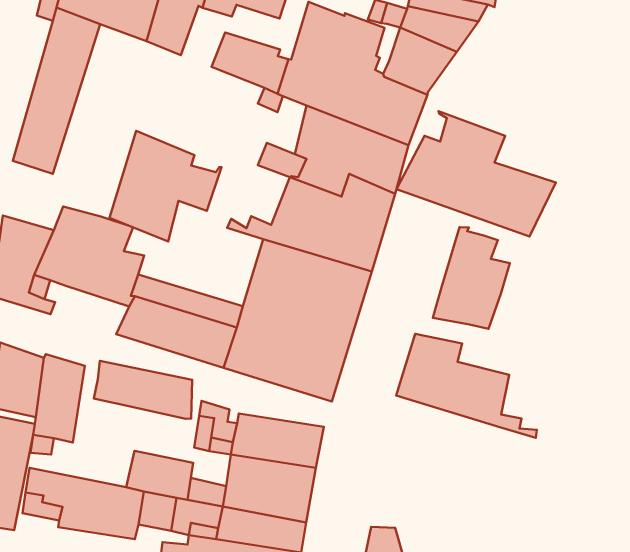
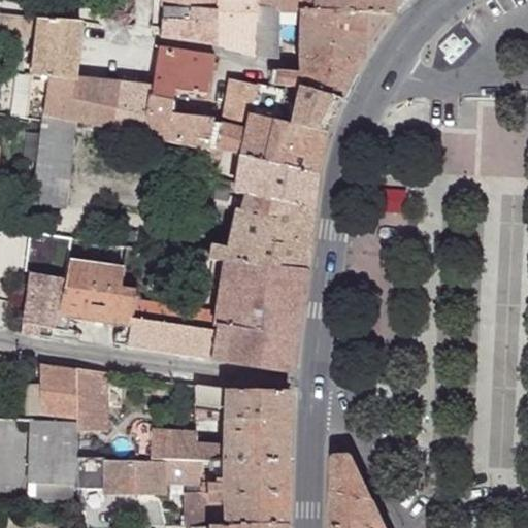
building: none -> [140,94,173,137]
building: [397,111,556,237] -> none
building: [110,131,221,241] -> none
building: [433,227,510,329] -> none
building: [396,334,537,438] -> none
building: [94,361,192,419] -> none

